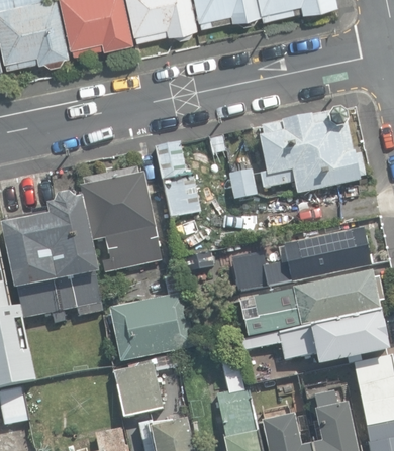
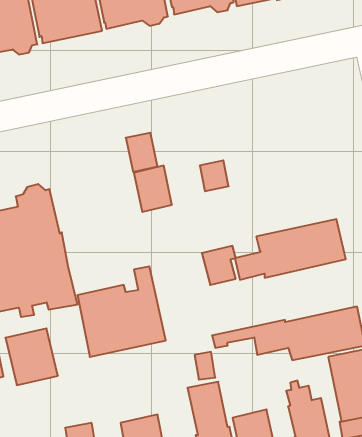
building: [259,110,365,195] -> none
building: [78,167,162,272] -> none
building: [242,271,379,338] -> none
building: [112,362,164,418] -> [5,328,58,385]

